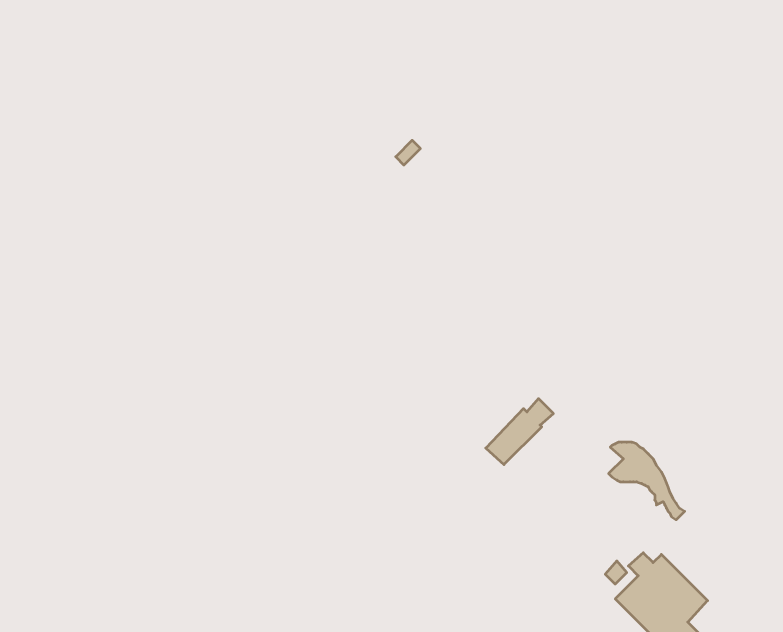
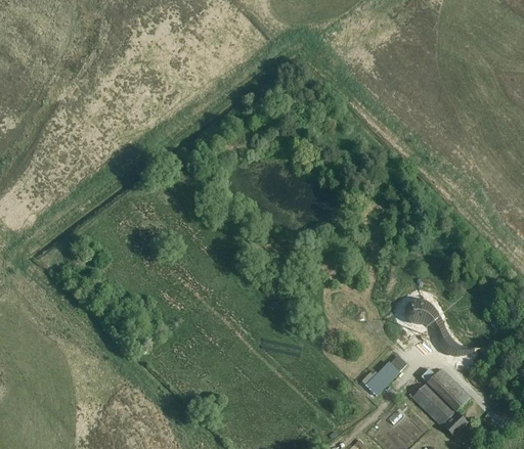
building: [486,399,553,465] -> [364,354,406,395]

